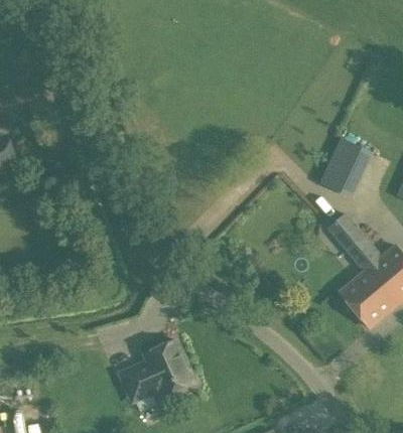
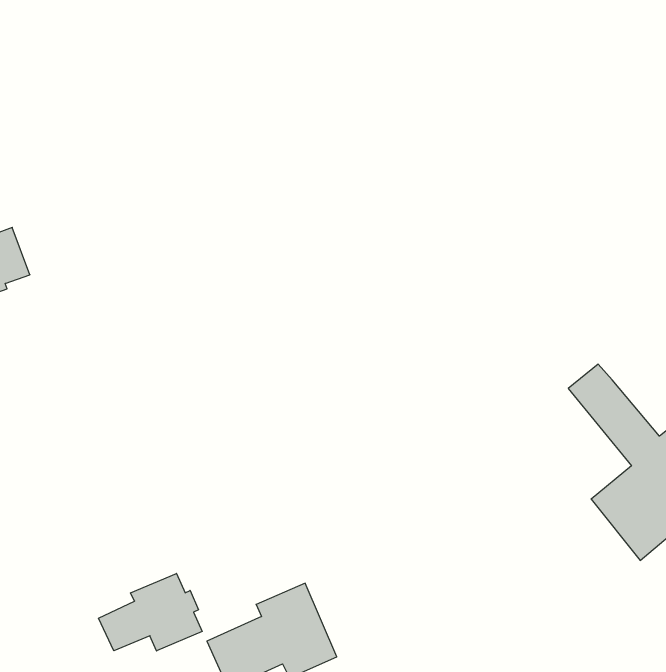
building: [319,138,372,197] -> none
building: none -> [98,573,202,651]

